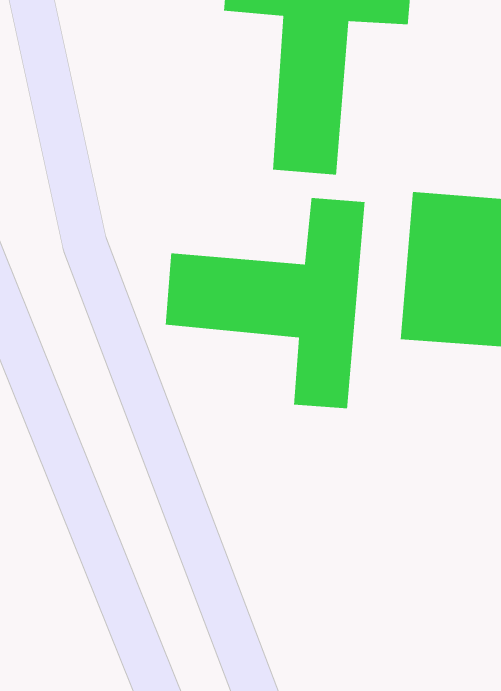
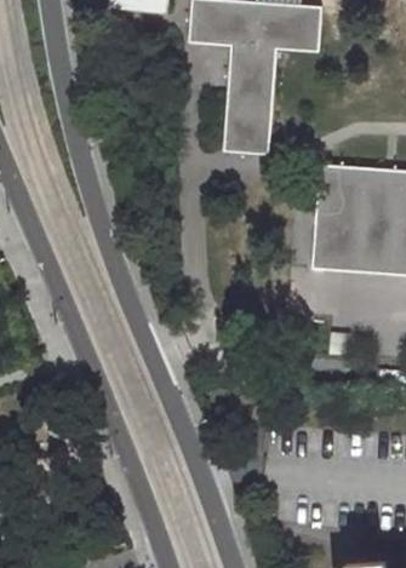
building: [165,197,366,409] -> none

